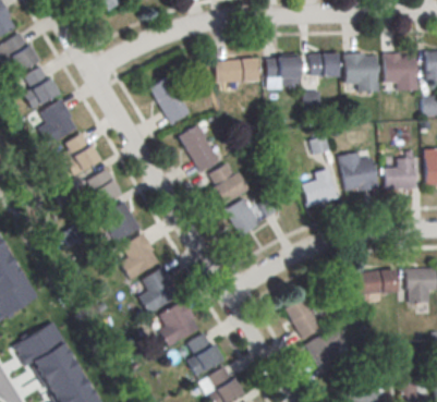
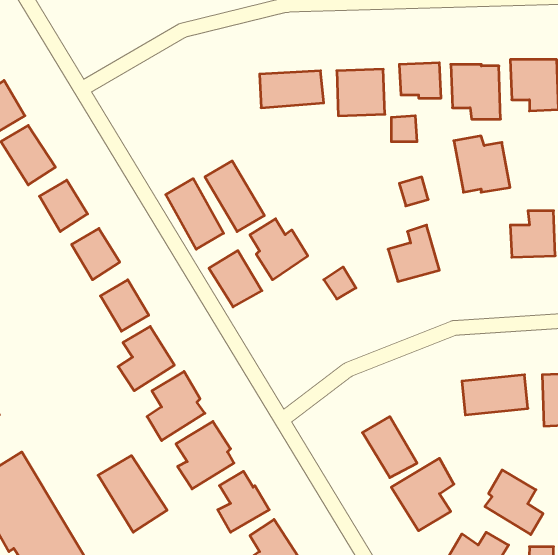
building: [149,75,189,123] -> [166,179,224,249]
building: [338,153,376,191] -> [454,136,510,192]
building: [224,196,260,234] -> [209,251,262,307]
building: none -> [98,456,167,532]
building: none -> [485,470,543,535]

